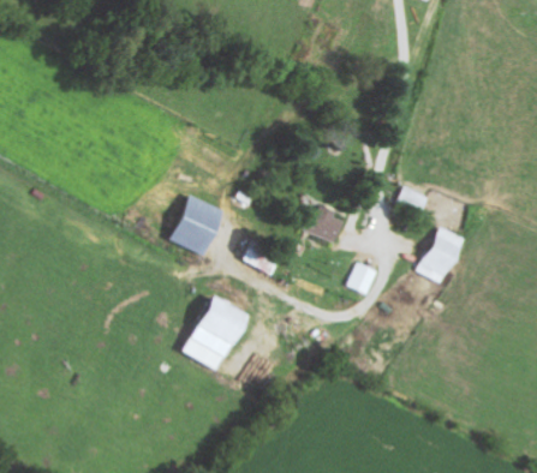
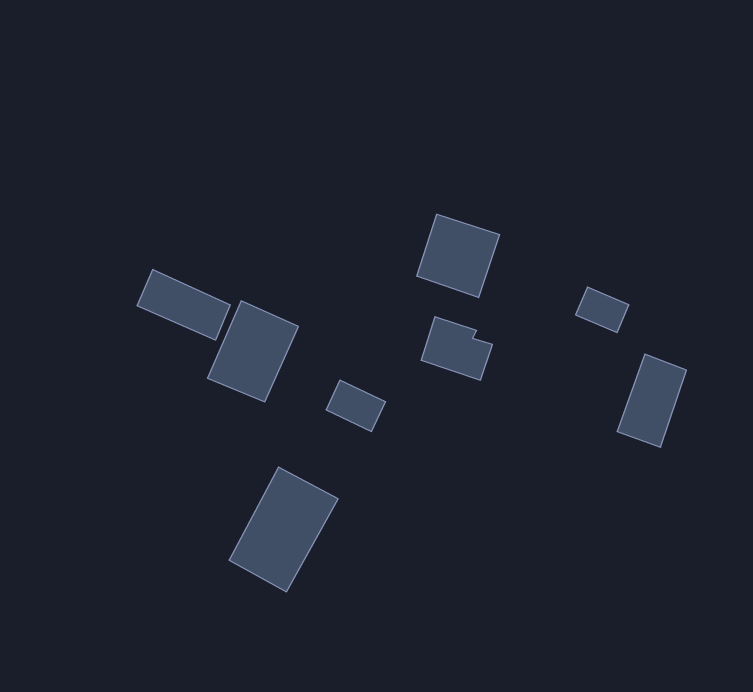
building: none -> [417,214,500,298]
building: none -> [137,269,230,340]
building: [346,262,376,294] -> none

